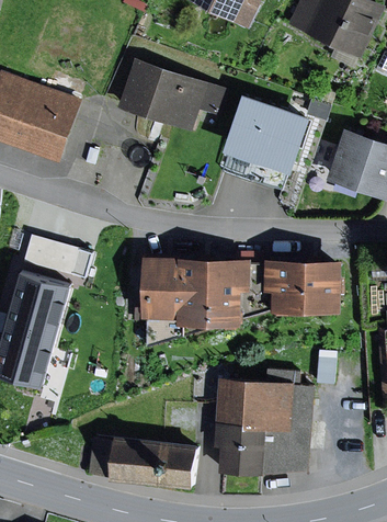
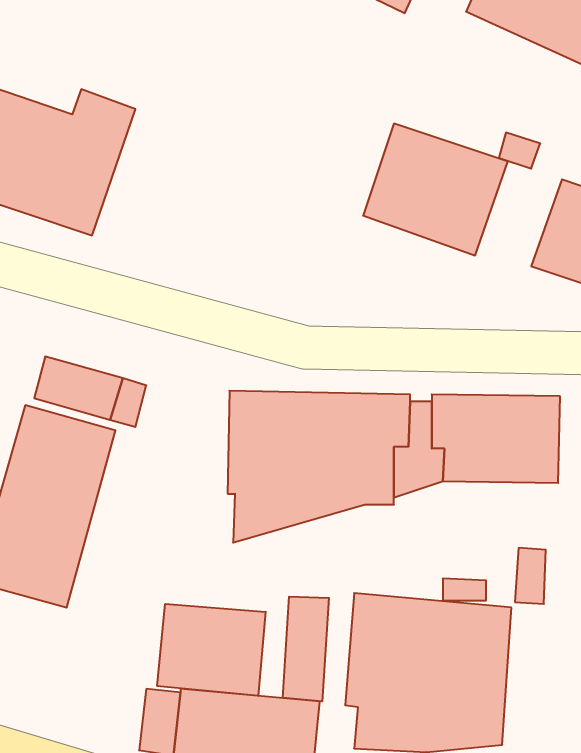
building: [117,59,227,133] -> none
building: none -> [283,597,329,701]
building: none -> [157,604,266,696]

